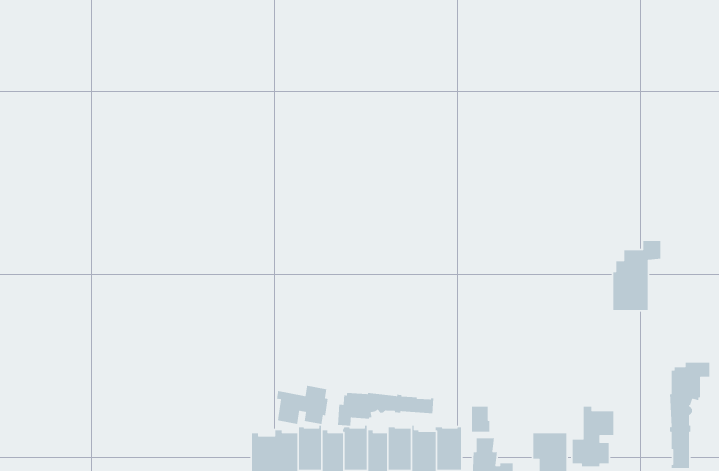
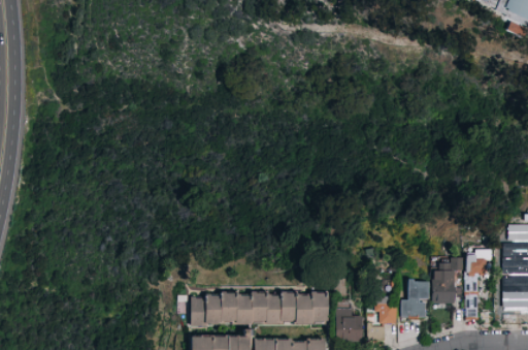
building: [612,240,661,311] -> [432,257,464,304]
building: [276,385,329,425] -> none
building: [337,392,434,426] -> none

